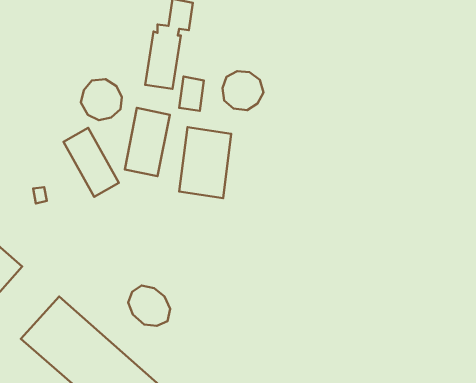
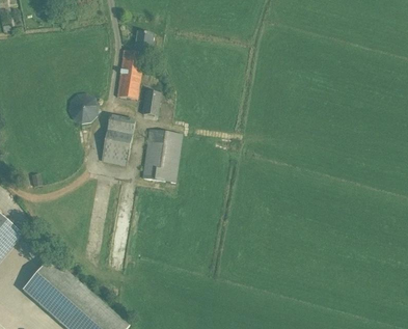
building: [222,71,263,110] -> none
building: [64,128,119,197] -> none
building: [128,286,170,326] -> none

